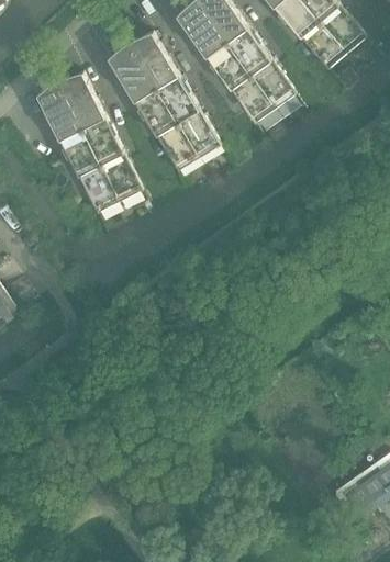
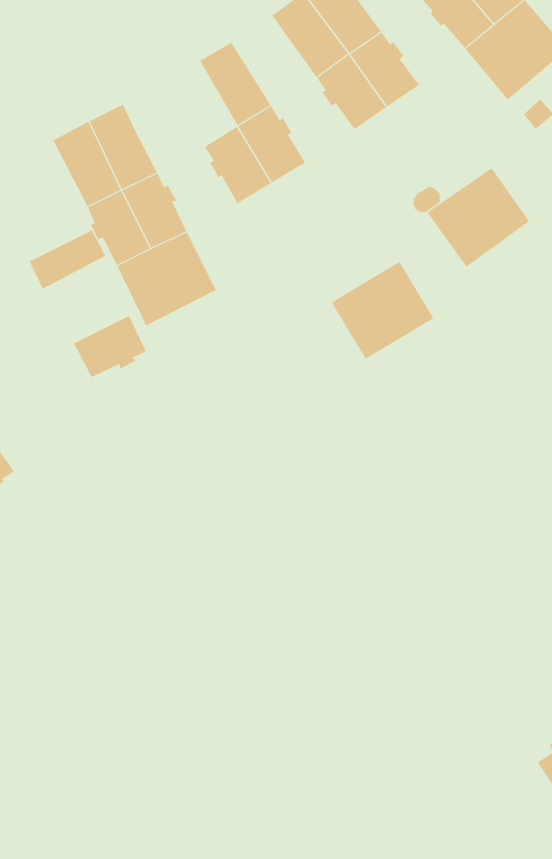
building: [108,44,154,99] -> none
building: [229,59,294,123] -> [427,168,530,268]
building: [154,109,220,171] -> [331,261,434,359]
building: none -> [29,230,106,290]
building: none -> [73,315,147,378]

